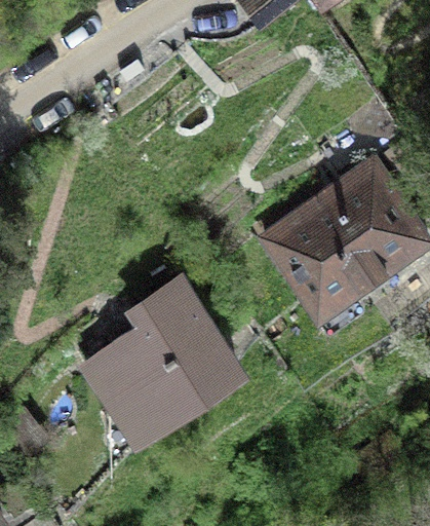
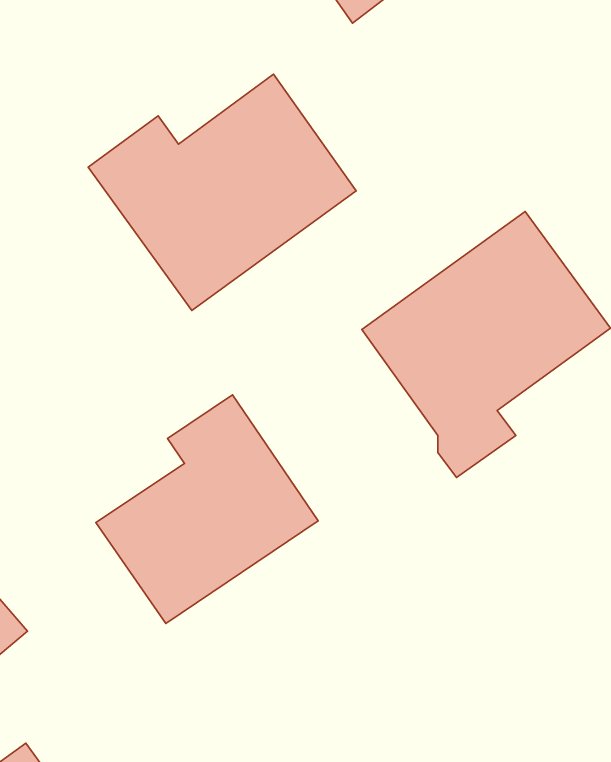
building: none -> [88,74,356,311]

